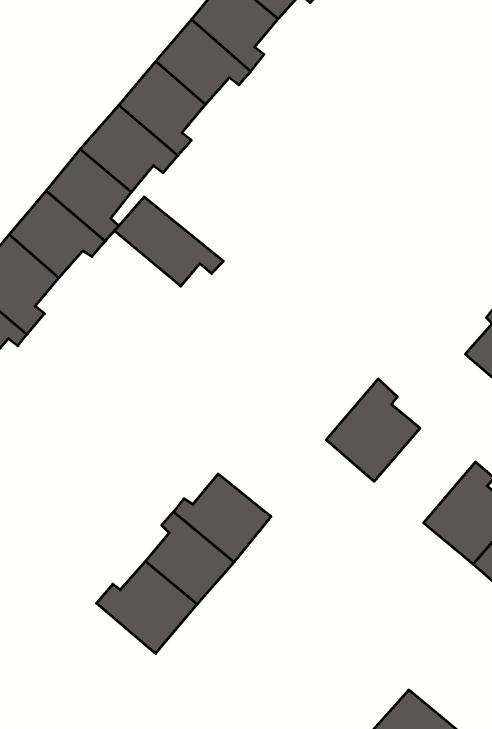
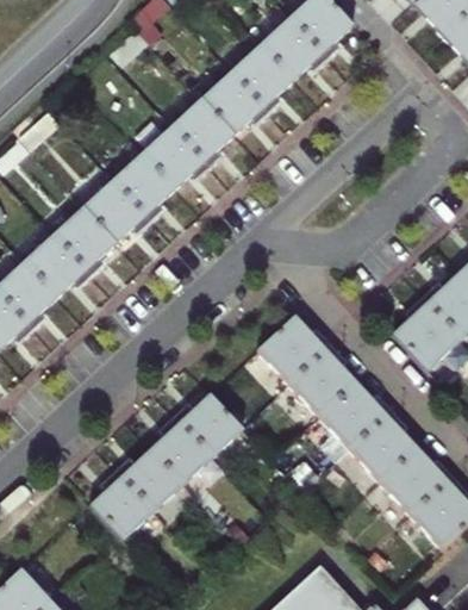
building: [114,197,223,286] -> none
building: none -> [257,315,329,380]
building: none -> [317,380,389,447]
building: none -> [91,474,149,540]

